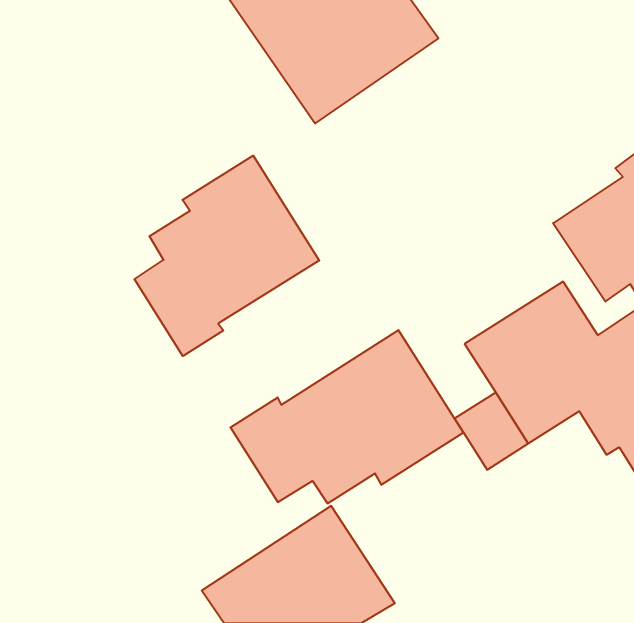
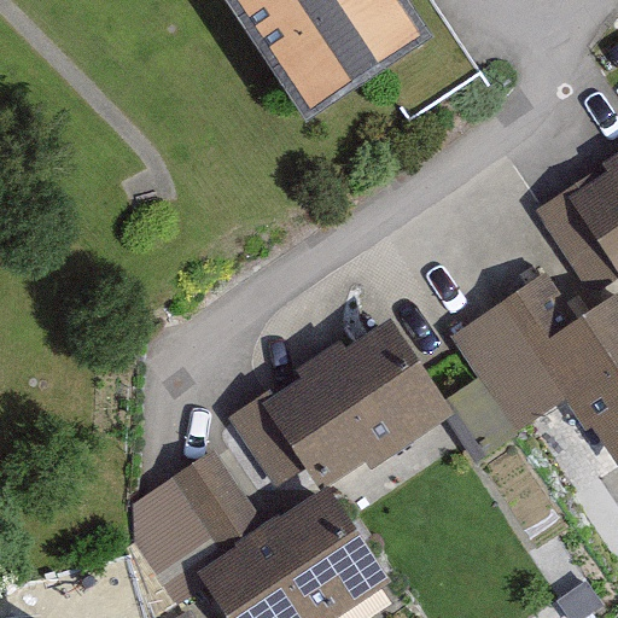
building: [134,156,319,356] -> none
building: none -> [136,453,249,567]

